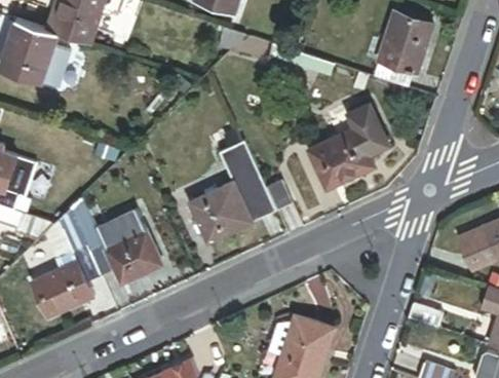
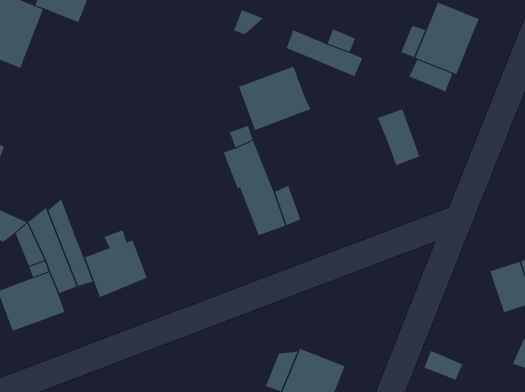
building: [311,126,375,185] -> [238,65,311,131]
building: [191,180,255,241] -> none
building: [98,210,148,248] -> none

